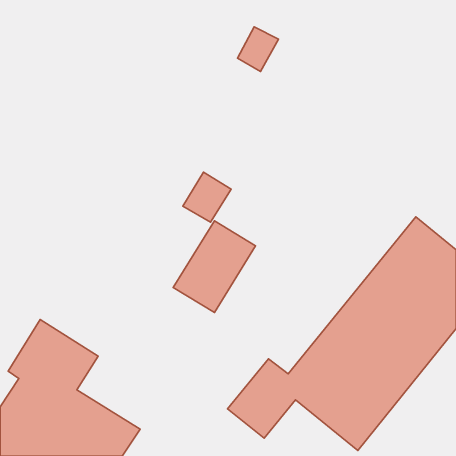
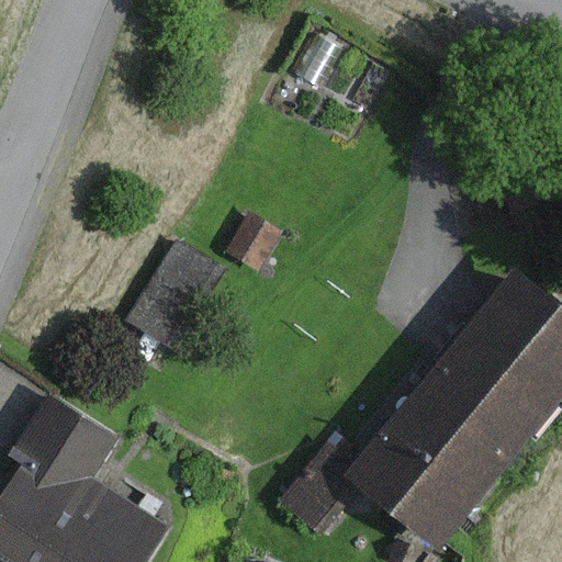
building: [173,221,255,313] -> [126,240,227,353]

